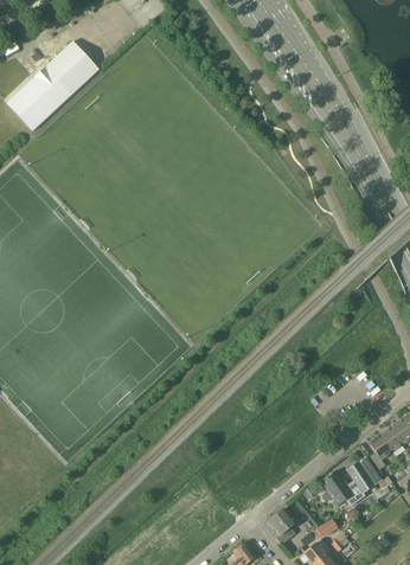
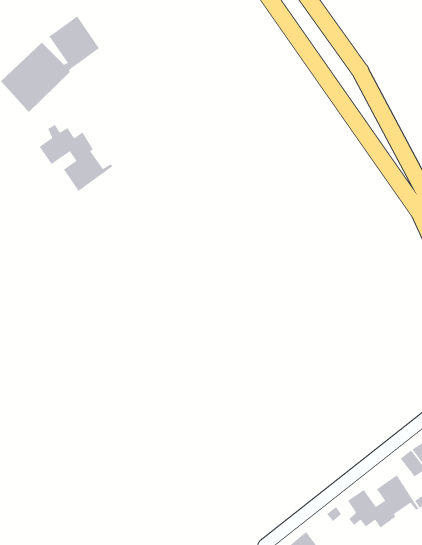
building: none -> [39,124,114,192]

